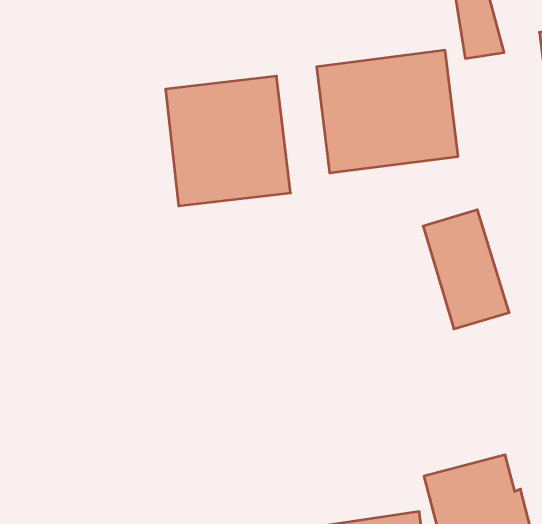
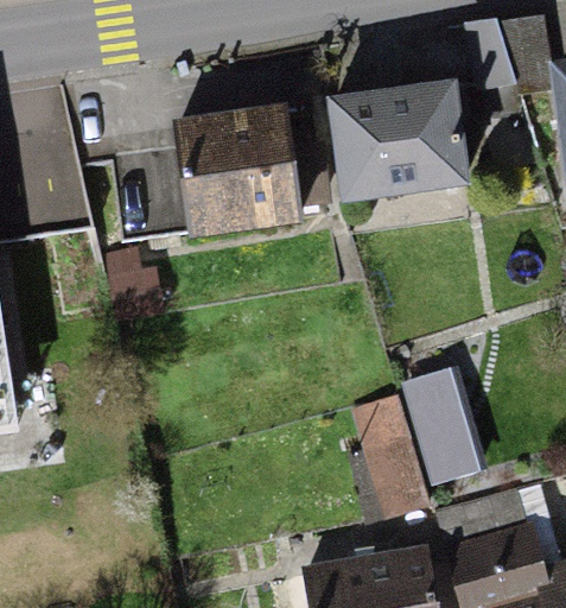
building: [423,210,509,329] -> [401,363,488,483]
building: none -> [350,391,430,518]

